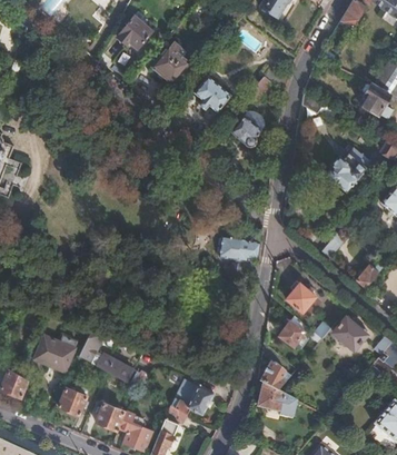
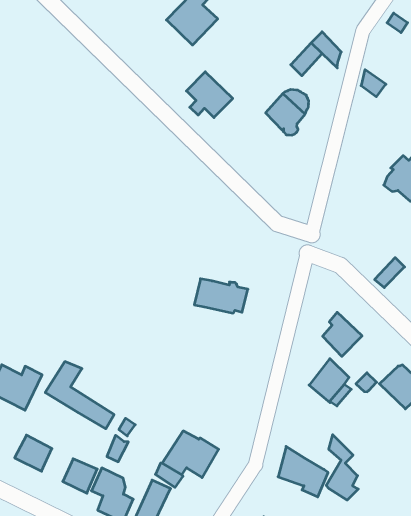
building: [195,75,230,109] -> [186,72,233,118]
building: [220,234,260,258] -> [194,279,248,313]
building: [261,342,286,390] -> [326,435,358,500]

